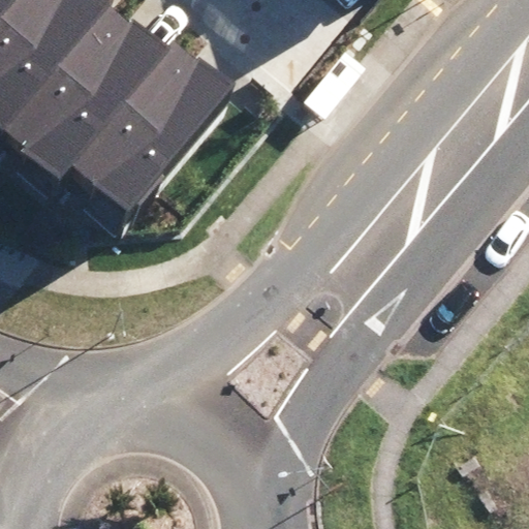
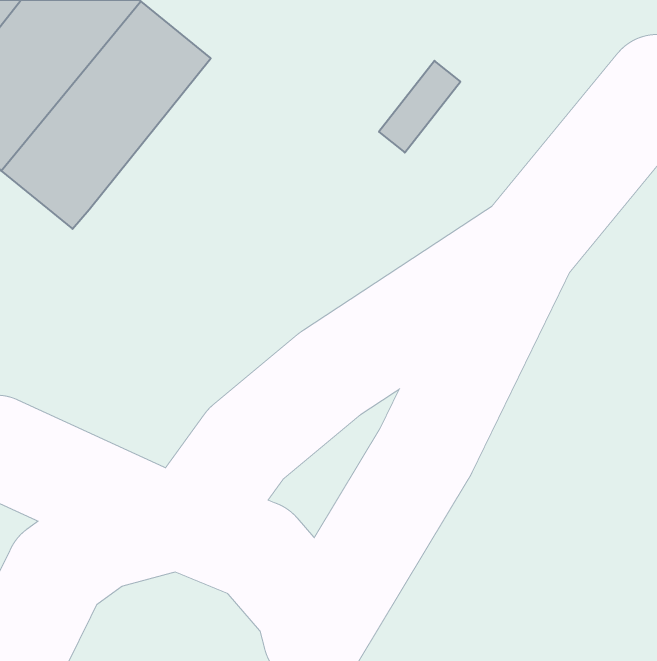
building: [71,41,227,212] -> none

